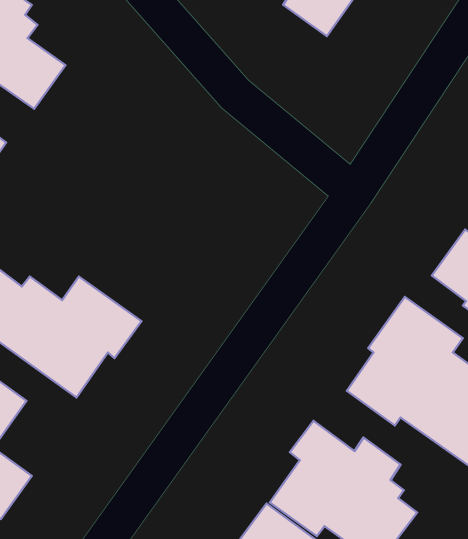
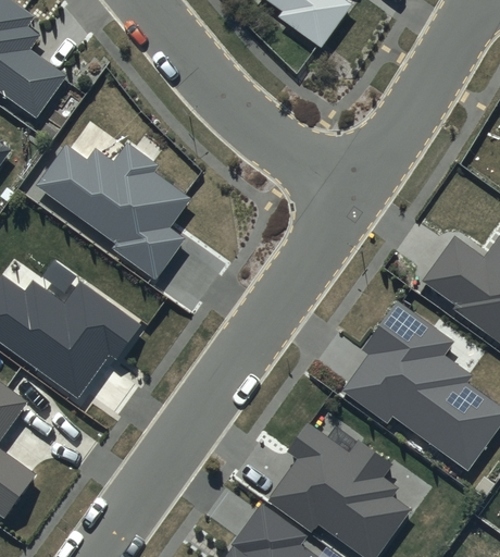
building: none -> [37,143,190,278]

